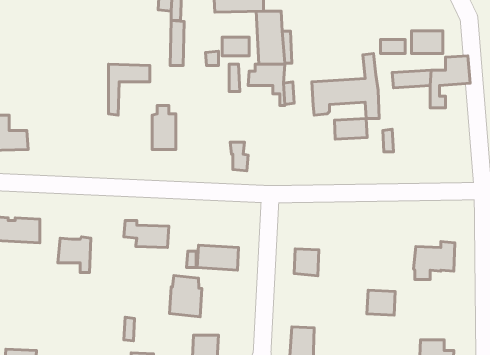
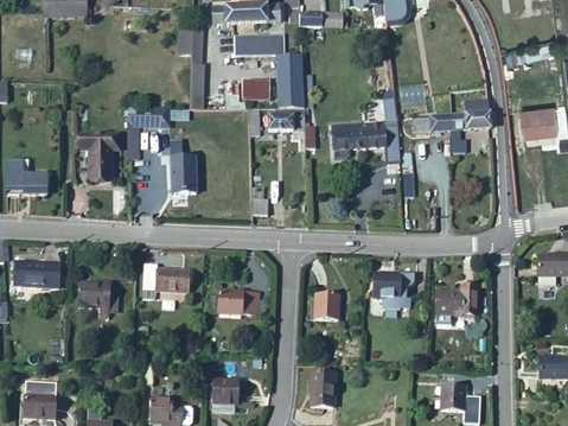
building: [411,31,443,54] -> none
building: none -> [81,133,120,180]
building: [334,119,367,139] -> none
building: [170,276,202,317] -> none
building: [367,290,395,315] -> [372,273,401,298]

